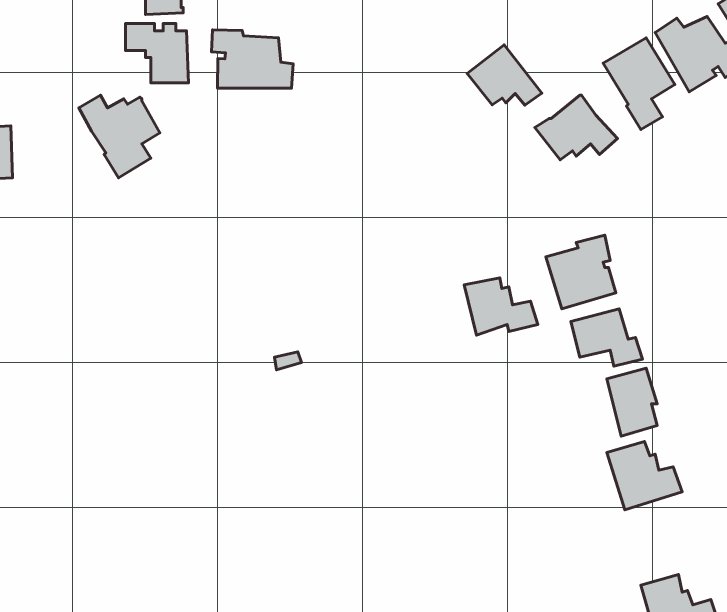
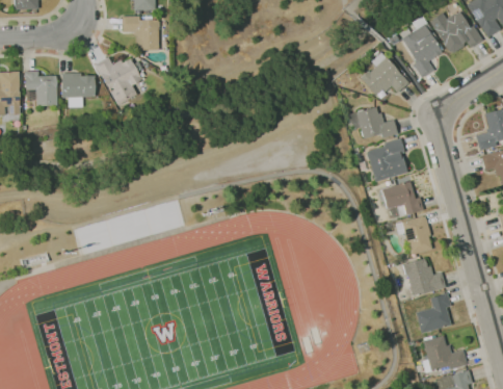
building: [211,30,293,88] -> none
building: [467,45,542,105] -> none
building: none -> [62,73,96,107]
building: [464,278,538,335] -> [354,107,397,140]
building: none -> [415,293,454,333]

